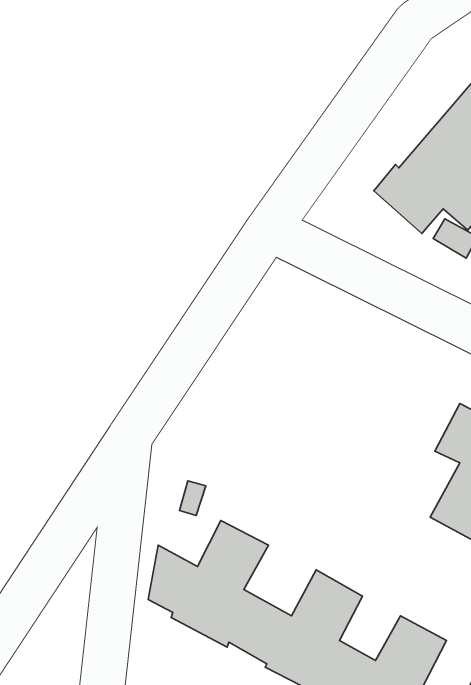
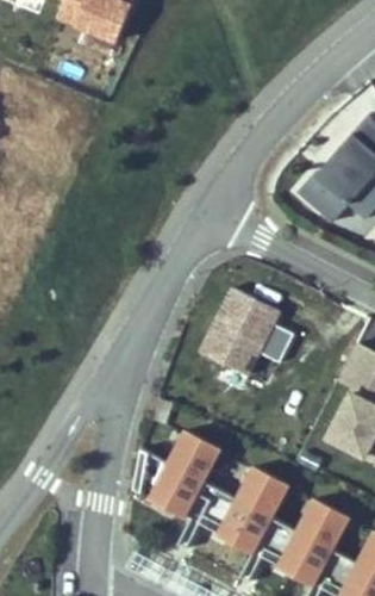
building: none -> [205,290,298,377]

